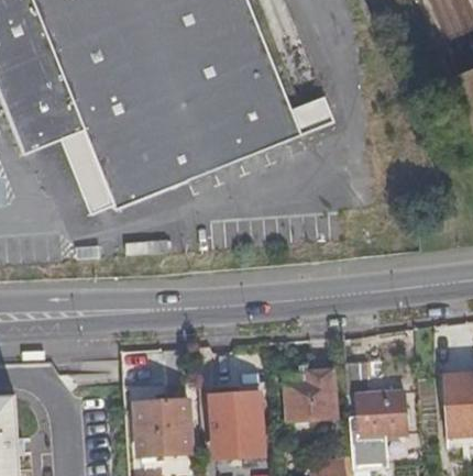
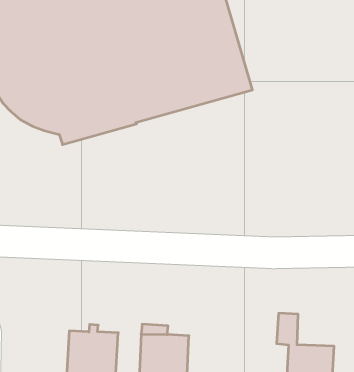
building: [287,365,338,416] -> none

